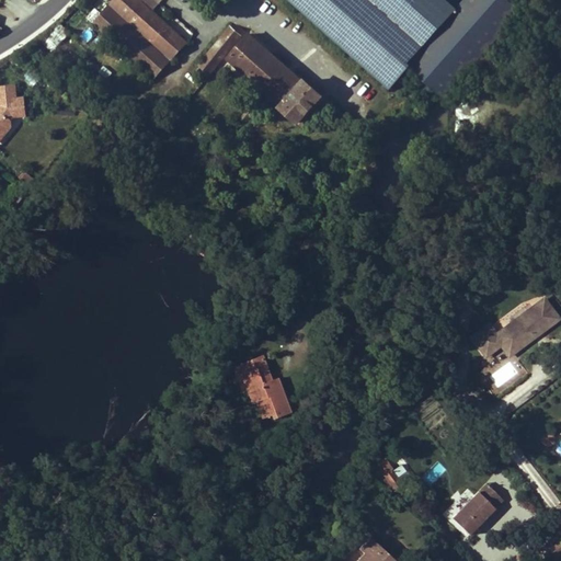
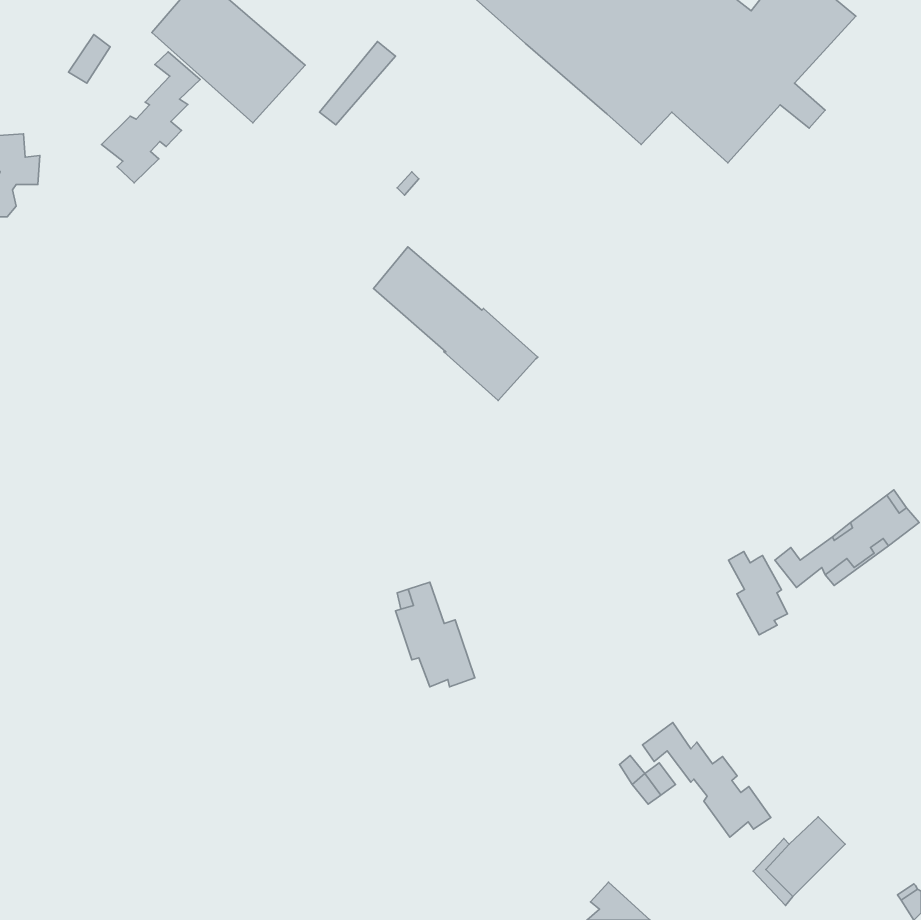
building: none -> [102,52,200,183]
building: [227,32,327,125] -> [373,247,538,401]
building: none -> [728,552,788,635]
building: none -> [643,723,771,837]

